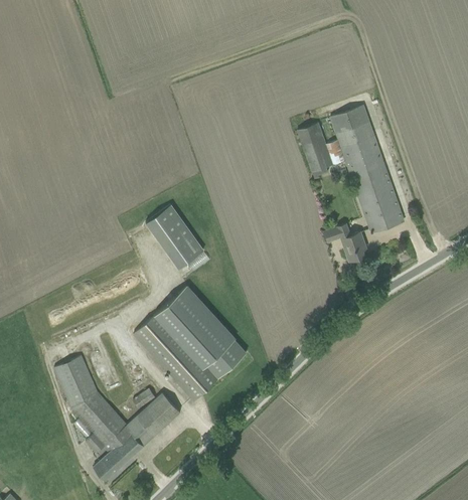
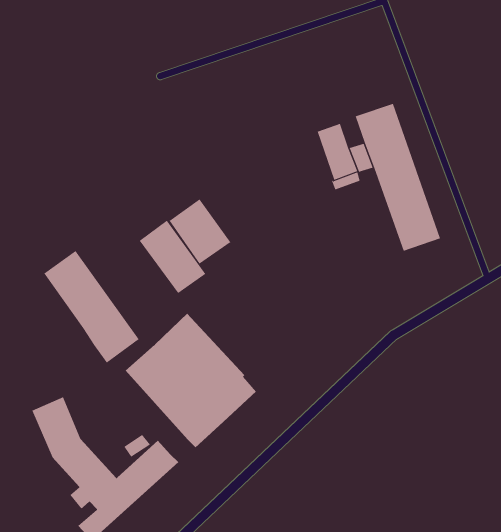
building: none -> [169,198,231,265]
building: [323,223,366,262] -> none
building: none -> [43,250,140,363]

